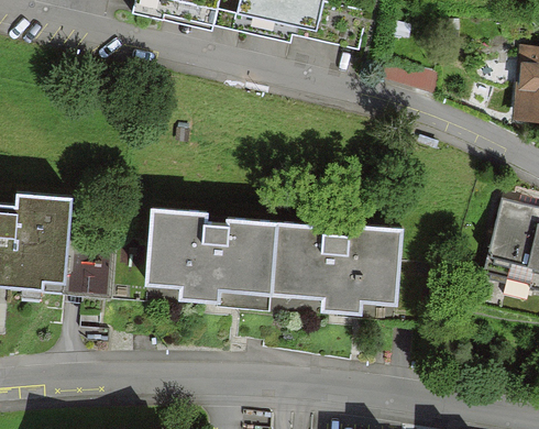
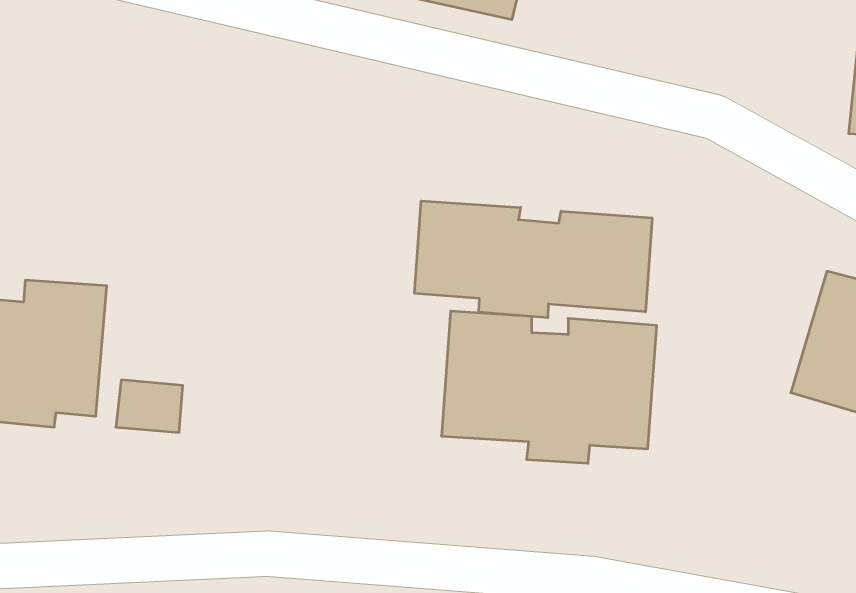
building: none -> [415,201,652,318]
building: [143,212,276,305] -> none

